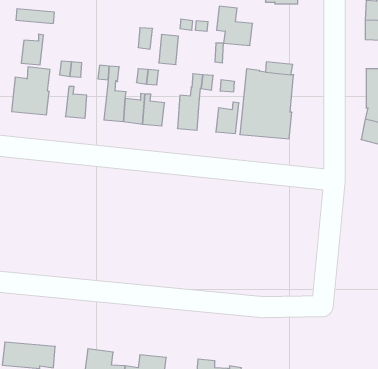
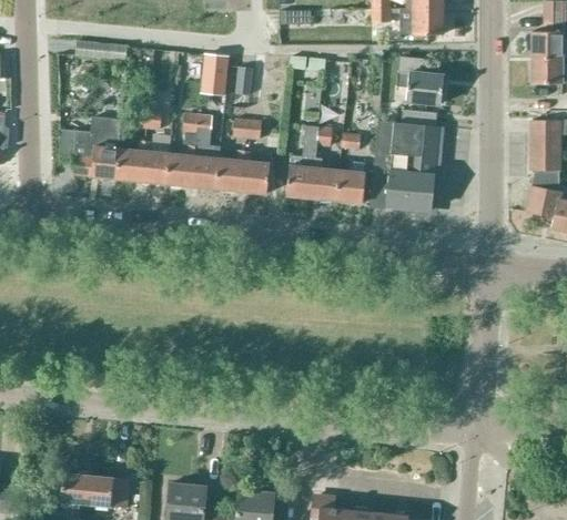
building: [217,6,253,46] -> [398,54,445,105]
building: [21,34,44,65] -> [118,141,146,181]
building: [159,35,178,65] -> [204,53,230,92]
building: none -> [168,145,196,185]
building: none -> [313,157,341,201]

